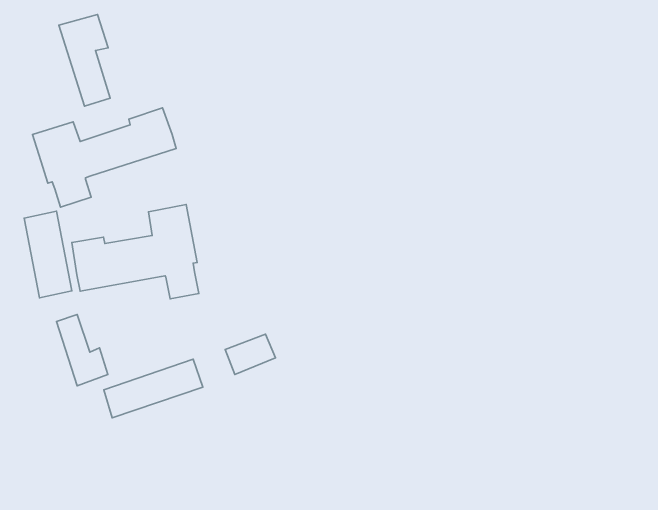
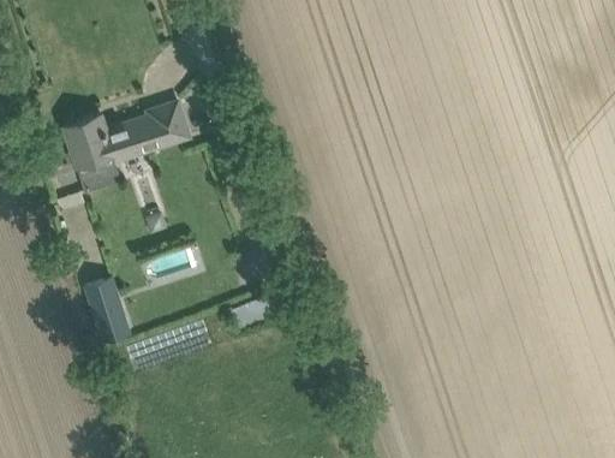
building: [59,15,110,106] -> none
building: [72,204,199,299] -> none

